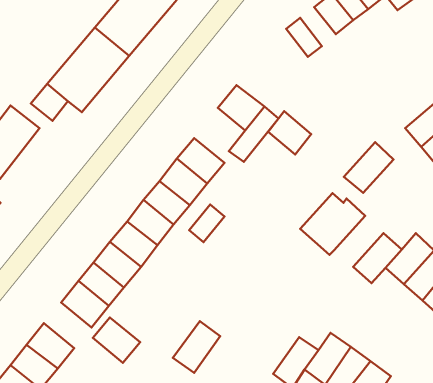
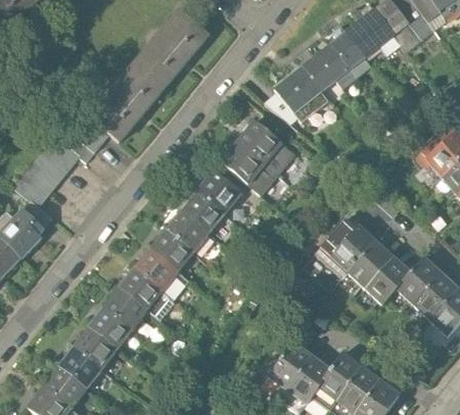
building: none -> [319,46,353,83]
building: none -> [278,66,326,114]
building: [268,111,311,155] -> [226,141,267,182]
building: [344,142,394,193] -> [351,243,398,291]
building: [189,204,225,242] -> none
building: [93,317,140,363] -> [77,325,122,368]
building: [173,321,220,373] -> [273,343,318,393]

